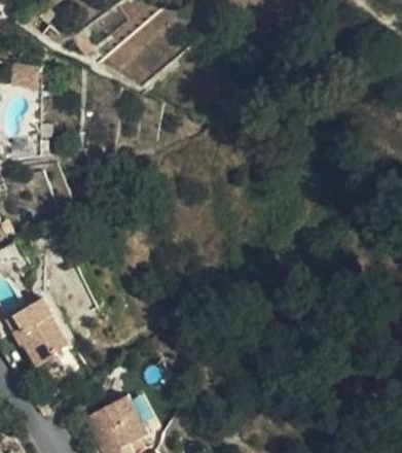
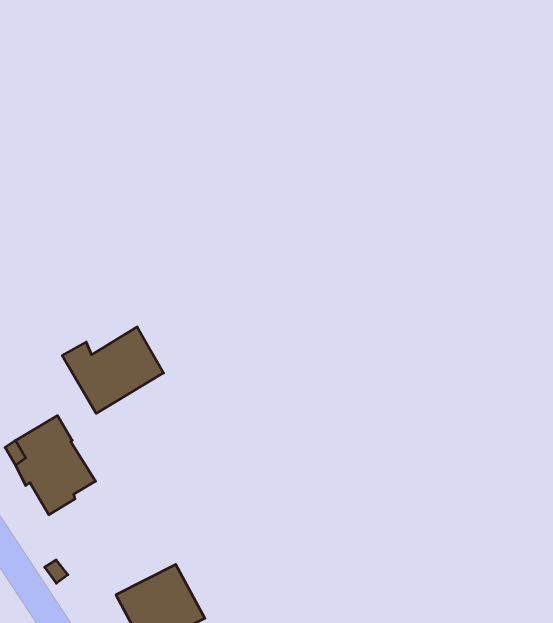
building: none -> [62,327,164,413]

